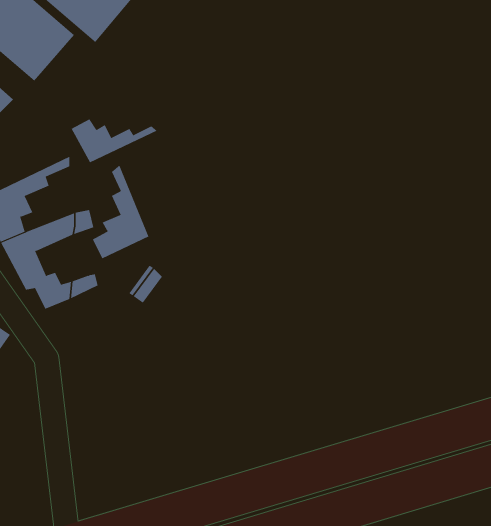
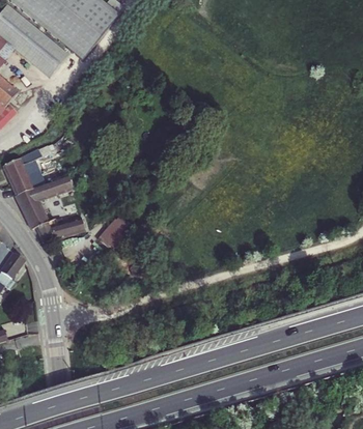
building: [71,118,158,163] -> none
building: [92,164,149,259] -> none

